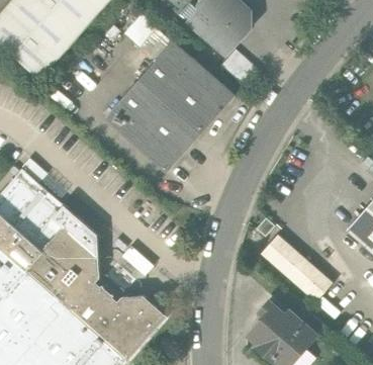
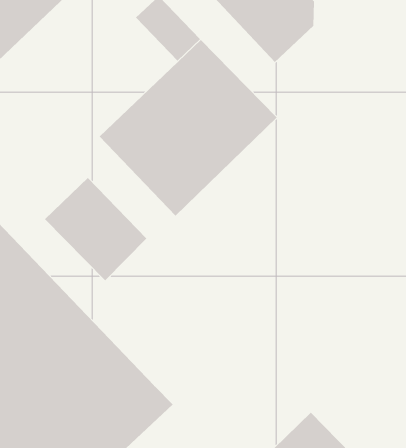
building: none -> [44,177,147,281]
building: [259,236,332,303] -> none

